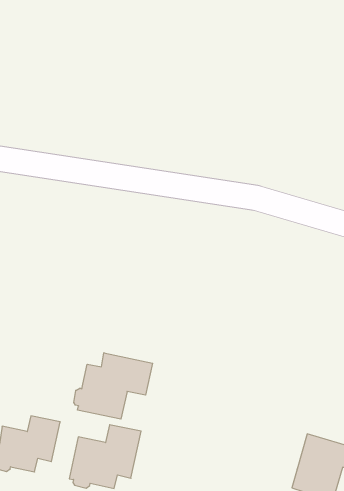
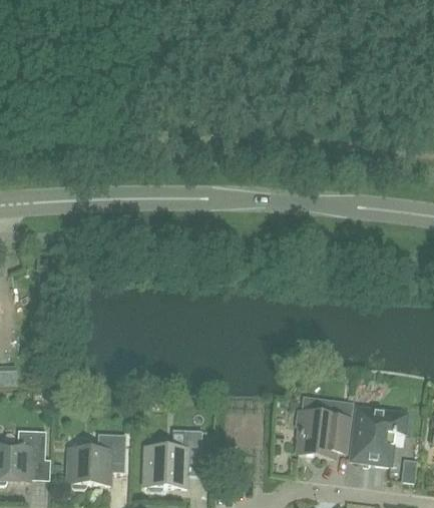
building: [74,353,153,419] -> none
building: none -> [297,405,351,457]

